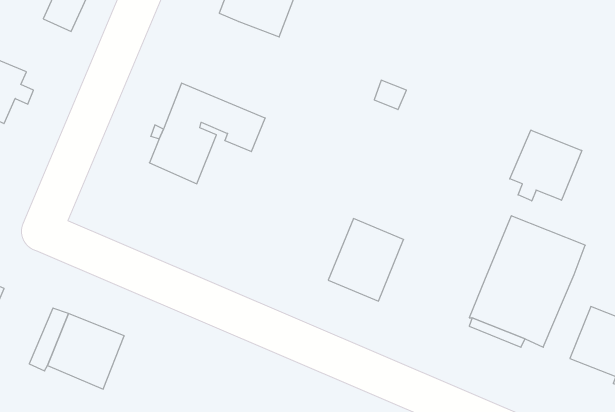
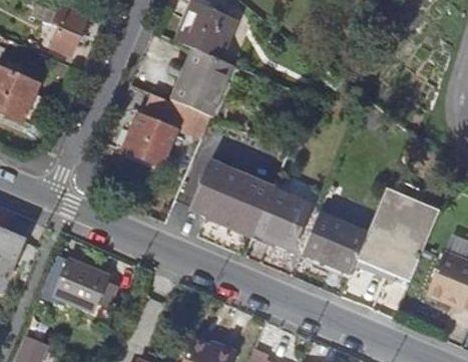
building: none -> [172,48,232,113]
building: [510,130,582,201] -> none
building: none -> [192,160,275,239]
building: none -> [304,214,368,267]

